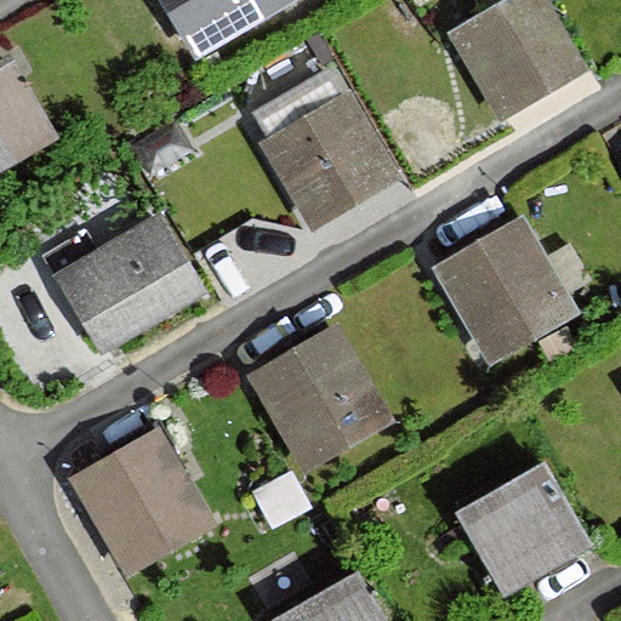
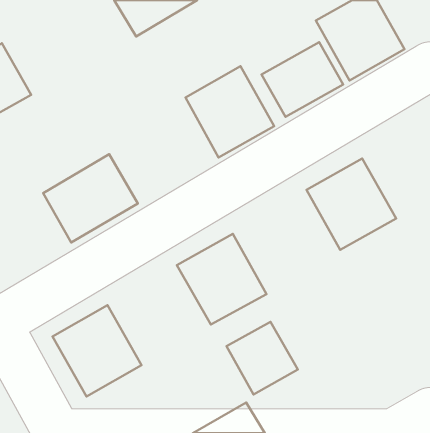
building: none -> [262,42,343,117]
building: none -> [226,322,298,394]
building: [458,463,589,593] -> none

